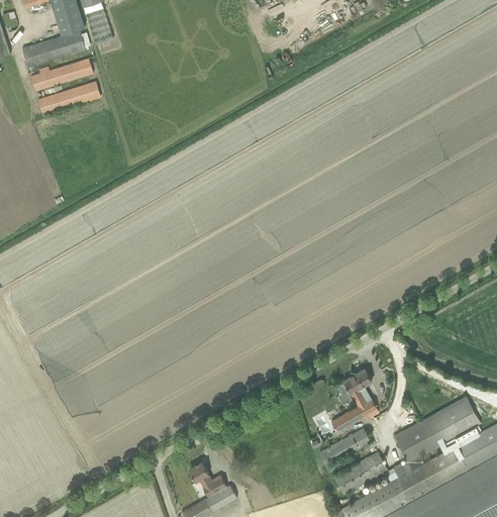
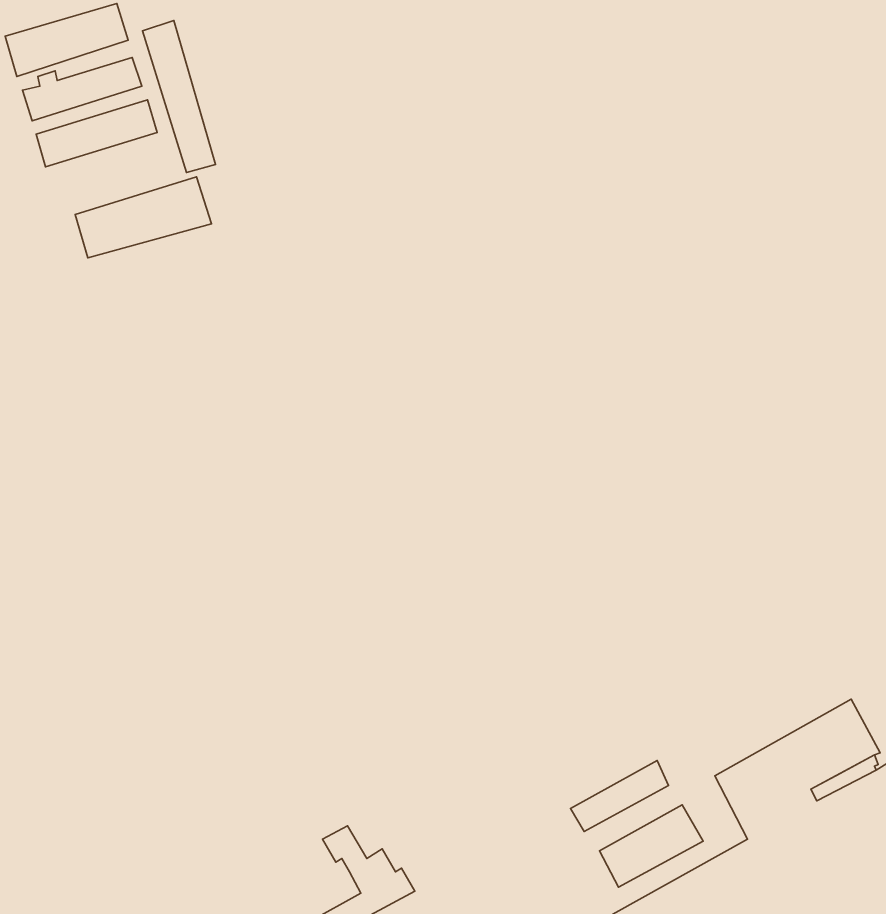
building: none -> [142,21,215,172]
building: none -> [75,177,212,258]
building: [330,369,379,430] -> none

